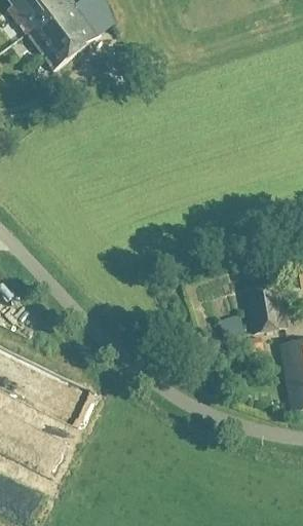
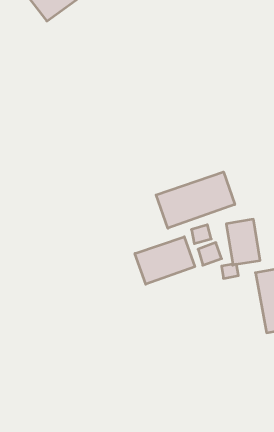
building: none -> [156,172,235,228]
building: none -> [135,237,195,284]

